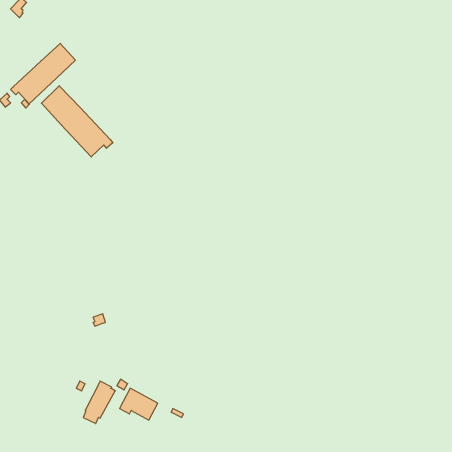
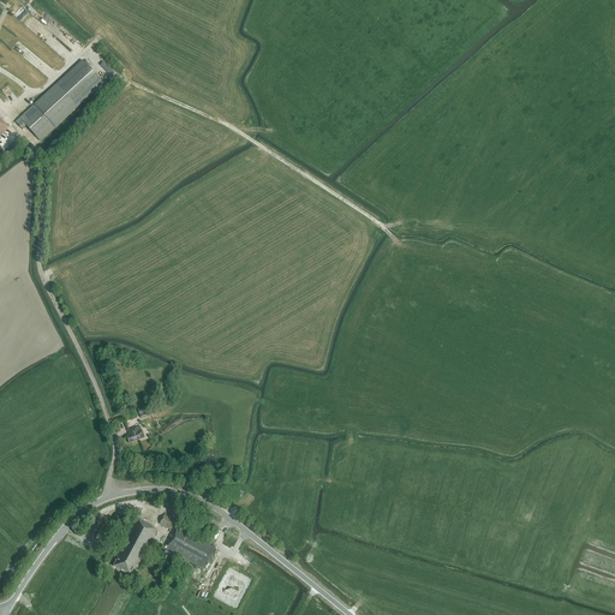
building: [41,86,113,157] -> none

